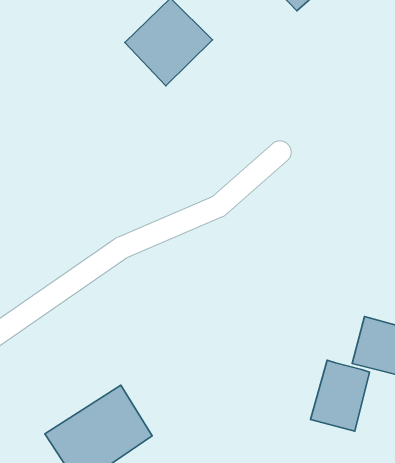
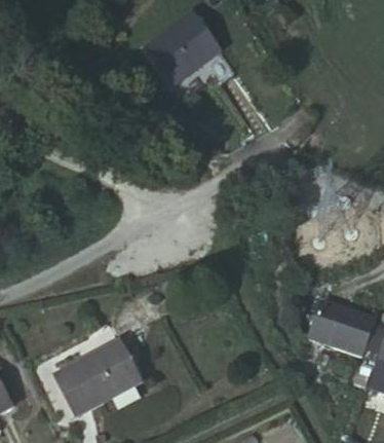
building: [311,360,370,431] -> none

